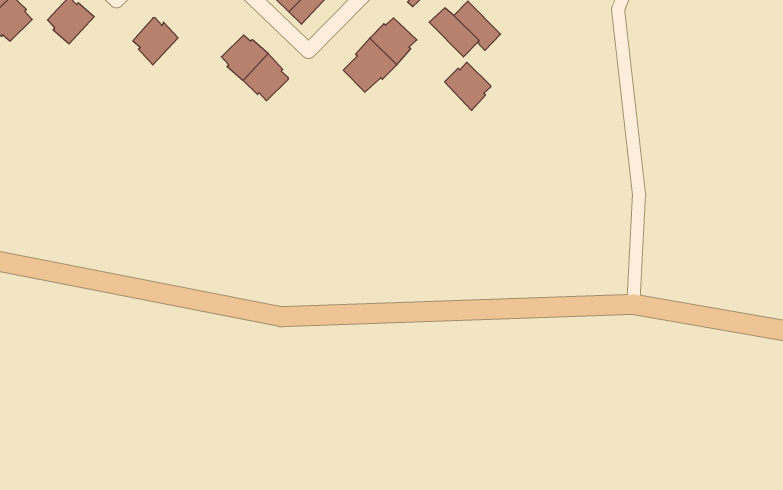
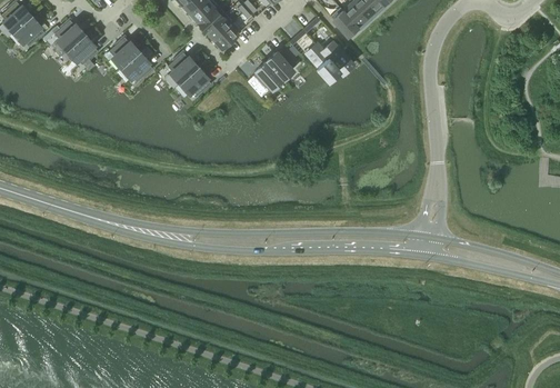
building: none -> [68,34,98,66]
building: none -> [122,52,153,82]
building: [445,62,491,110] -> none

